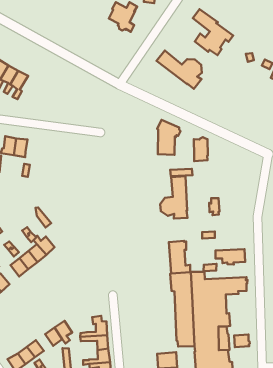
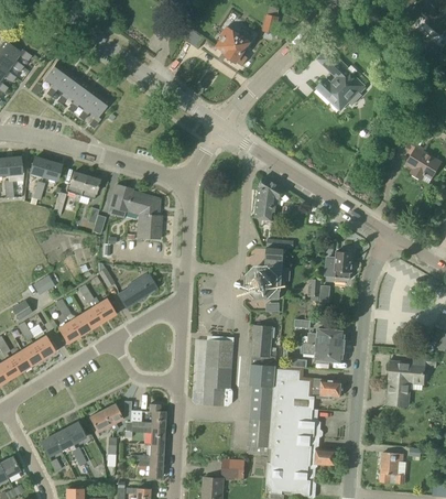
building: [156,51,202,89] -> none
building: [194,137,208,161] -> [334,249,353,278]
building: none -> [109,184,161,239]
building: none -> [118,274,155,306]
building: none -> [308,327,345,346]
building: none -> [204,339,232,405]

